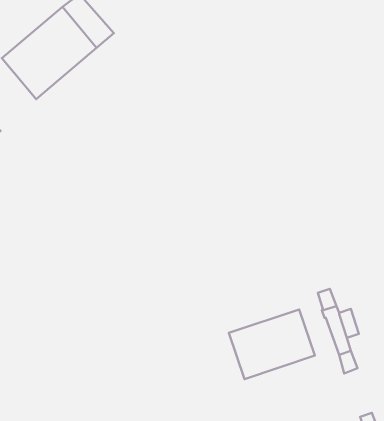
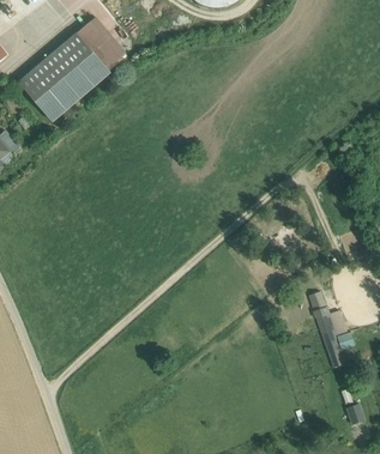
building: [229,309,315,379] -> none

